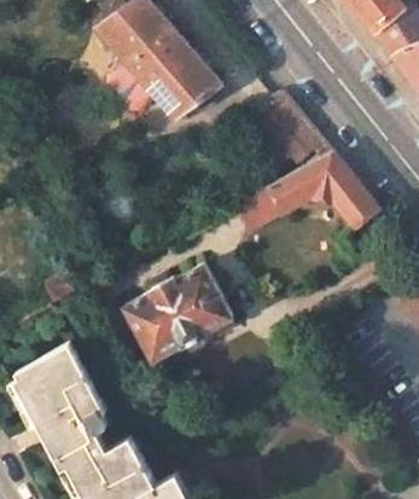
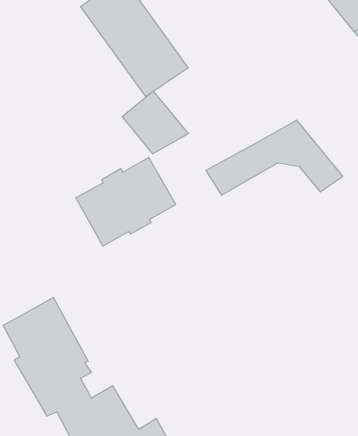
building: [257,105,328,173] -> [122,91,188,154]
building: [123,263,231,359] -> [76,157,176,246]

